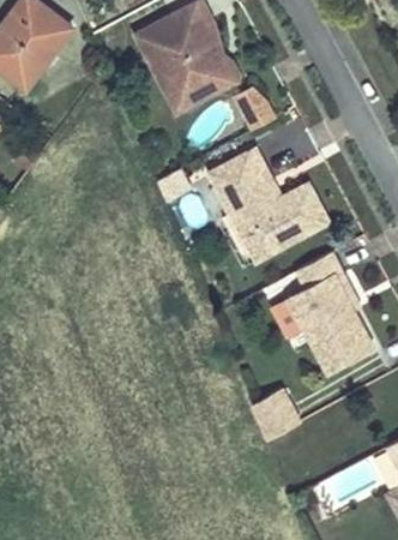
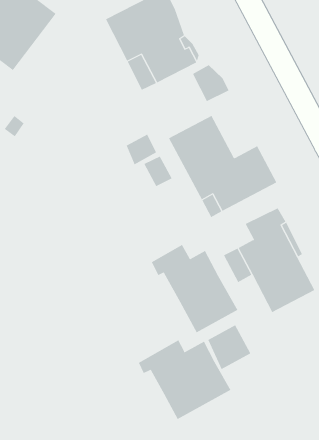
building: none -> [151,244,238,333]
building: none -> [138,340,231,420]

